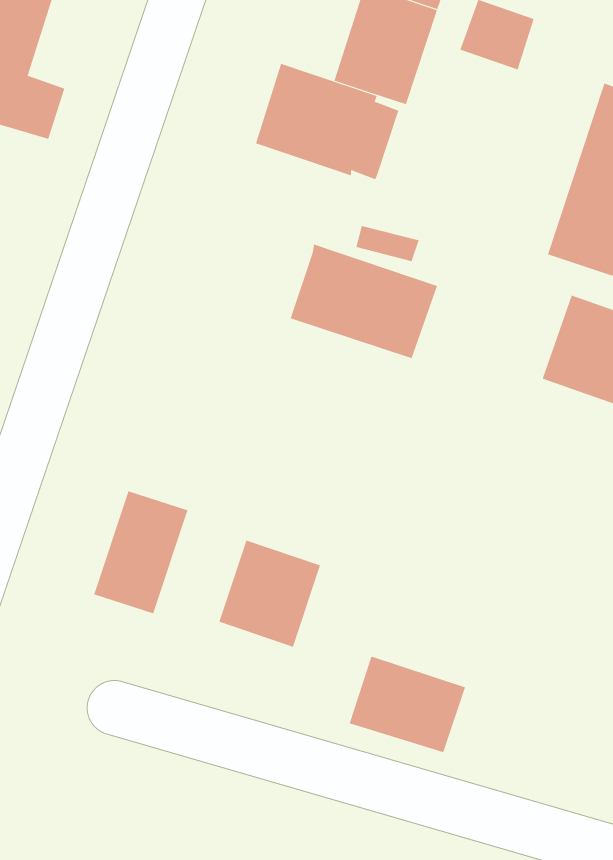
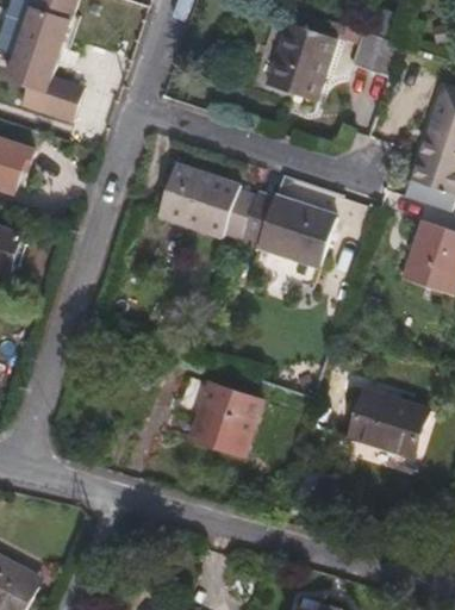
building: [255,63,399,180] -> [157,164,251,241]
building: [94,491,188,614] -> none
building: [349,656,466,753] -> [348,391,424,454]

